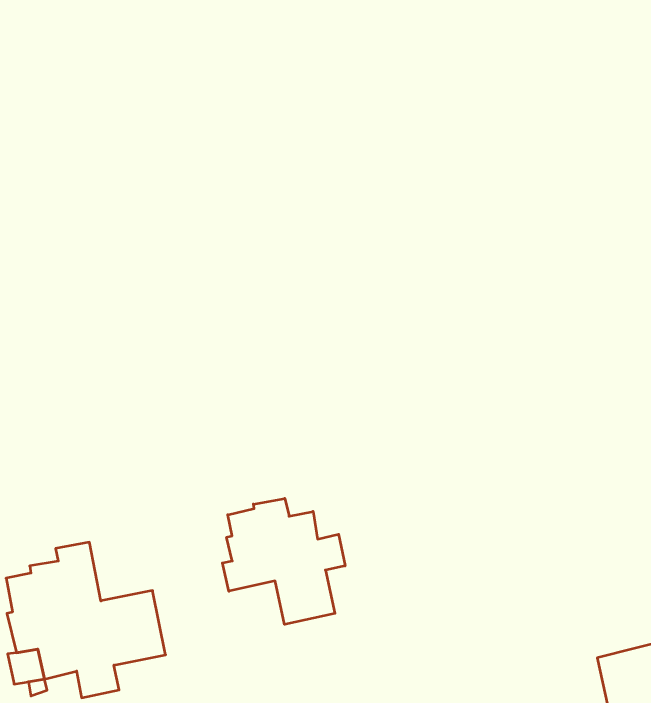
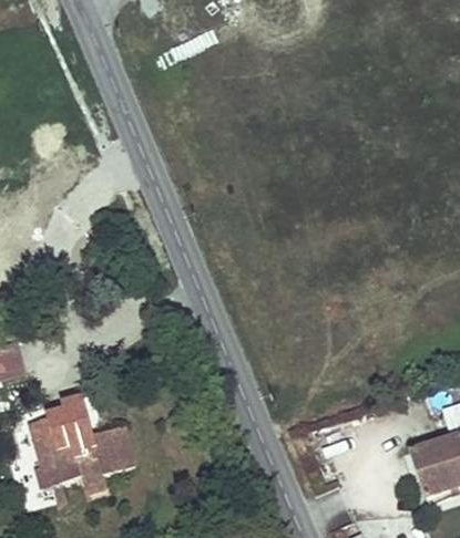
building: [222,498,345,624] -> none

